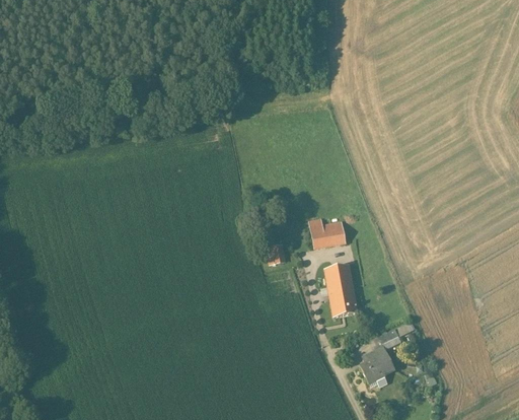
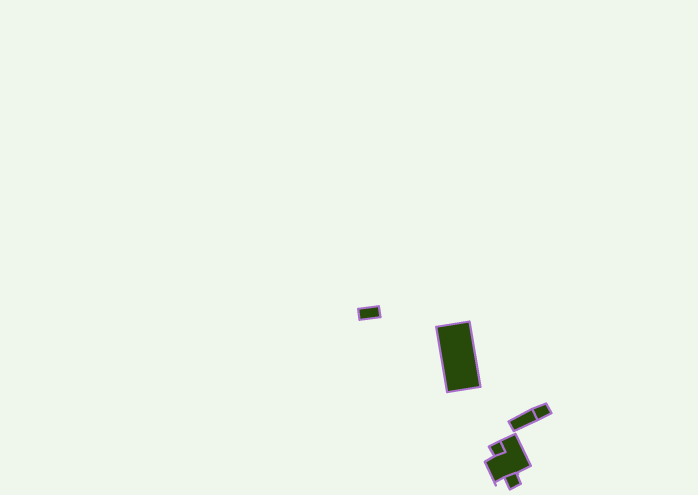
building: [310,221,345,248] -> none

